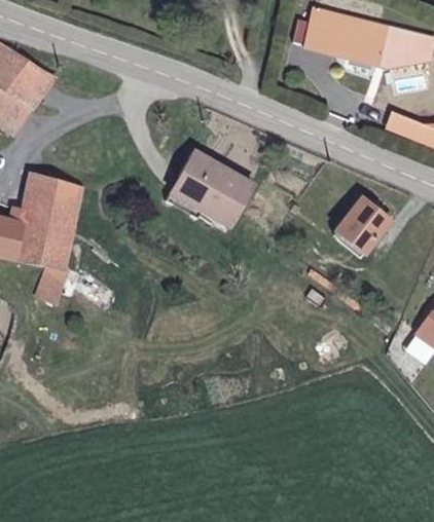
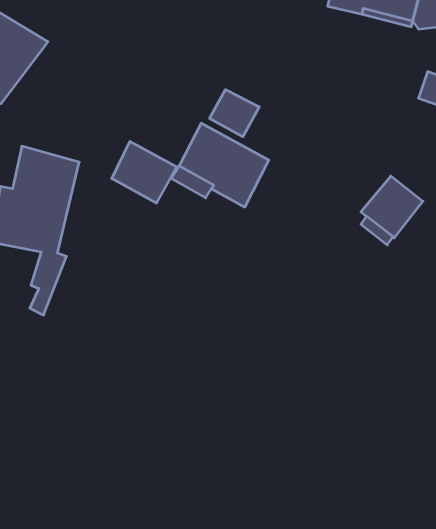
building: none -> [210,90,259,137]
building: none -> [112,141,177,203]

